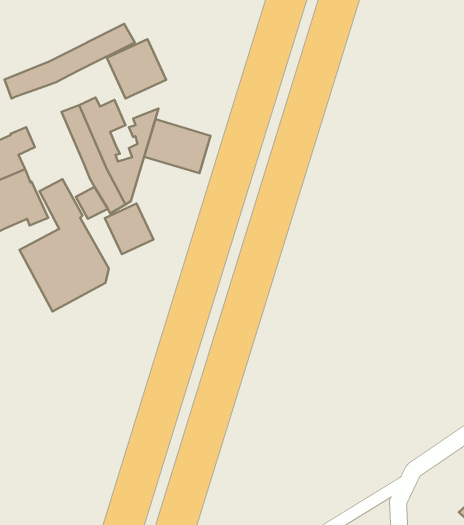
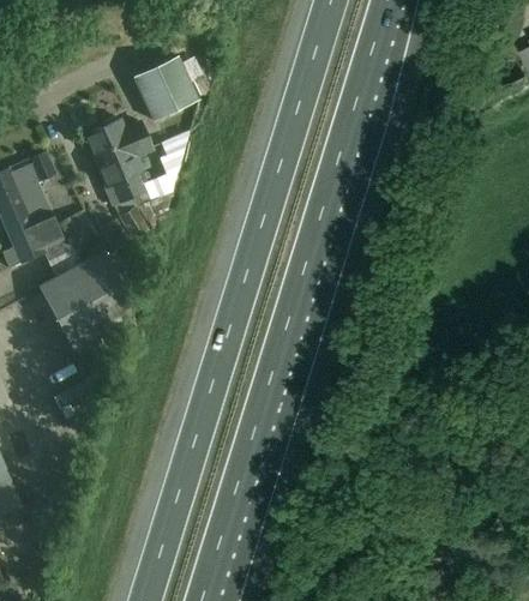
building: [5,24,135,99] -> none
building: [144,119,211,173] -> none
building: [105,204,153,254] -> none

